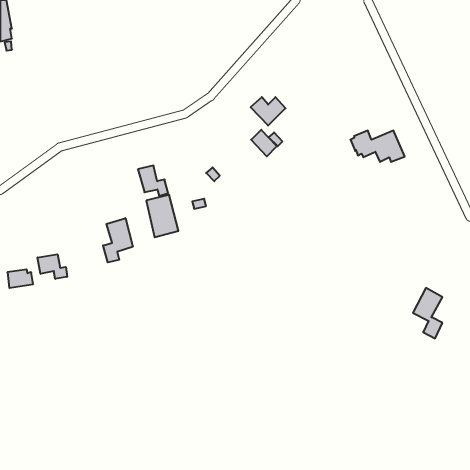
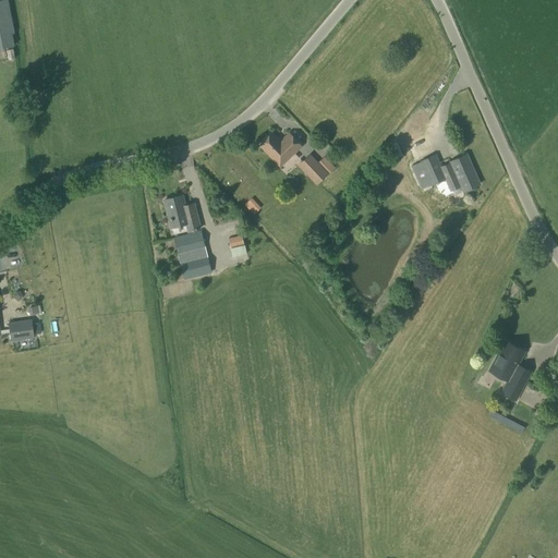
building: [251,97,286,126] -> [259,133,301,167]
building: [103,218,133,262] -> none
building: [38,254,67,279] -> none

